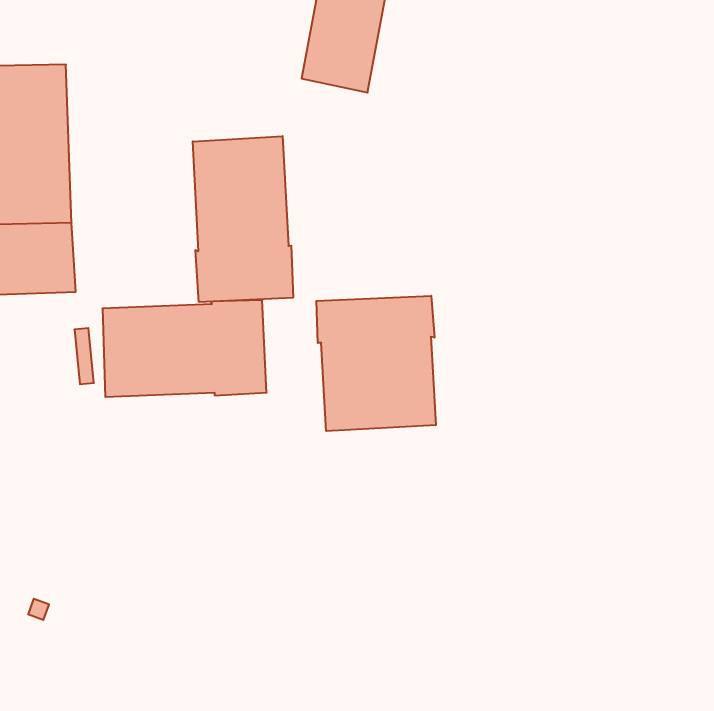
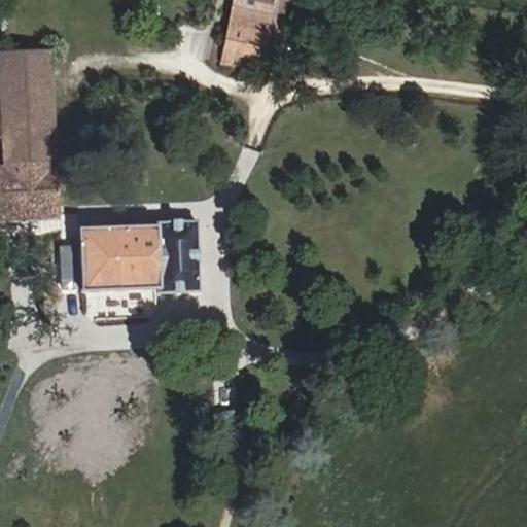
building: [193,136,293,302] -> none
building: [316,296,436,431] -> none

